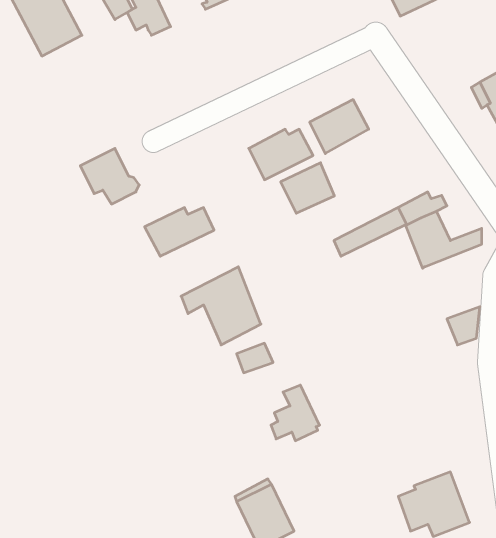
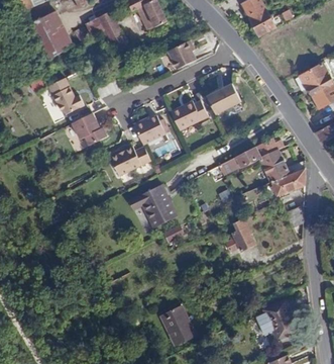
building: none -> [165,42,193,70]
building: none -> [46,78,83,114]
building: [281,163,334,213] -> [132,115,163,145]
building: none -> [270,168,305,195]
building: [271,385,320,441] -> [226,218,254,251]

